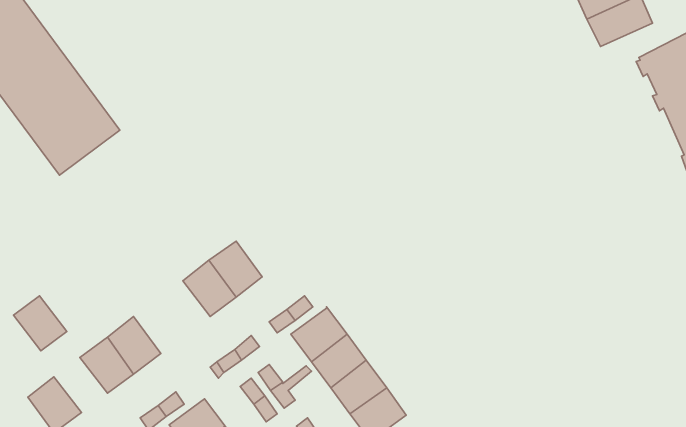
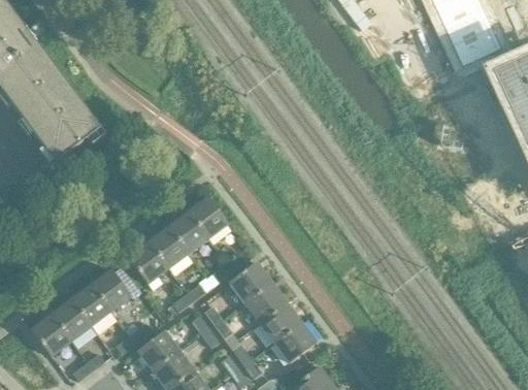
building: none -> [188,197,228,239]
building: none -> [127,242,168,291]
building: [14,296,67,351] -> [51,300,91,342]

